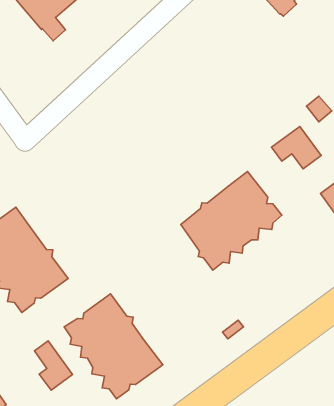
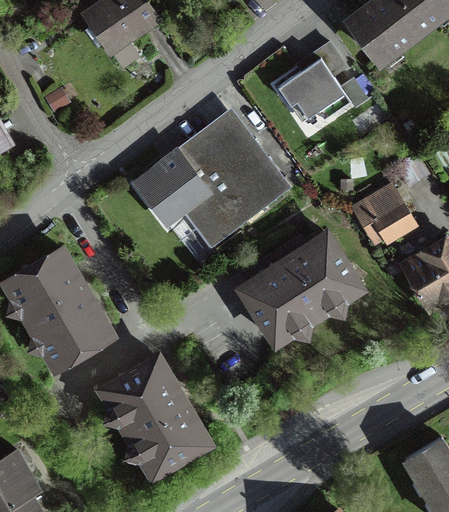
building: none -> [278,58,351,122]
building: none -> [136,116,287,248]
building: [34,341,73,390] -> none

